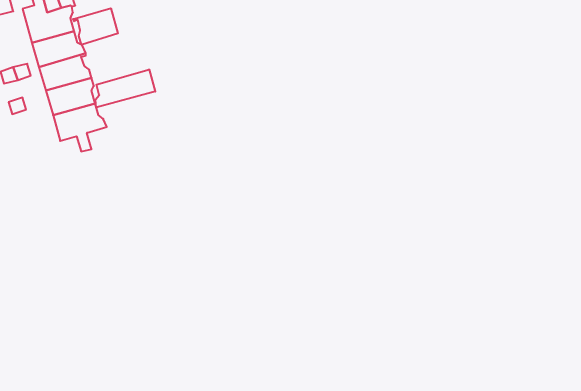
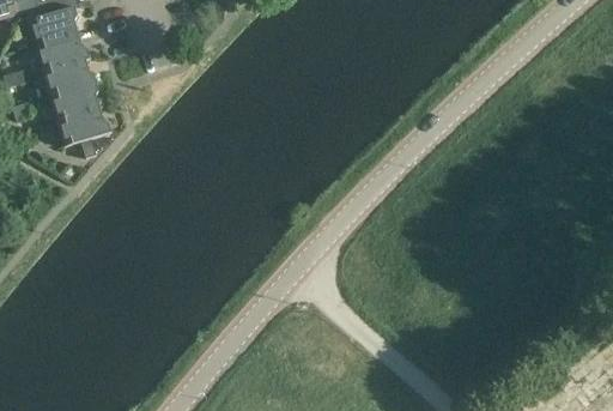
building: [73,8,118,45] -> none
building: [95,69,155,108] -> none

